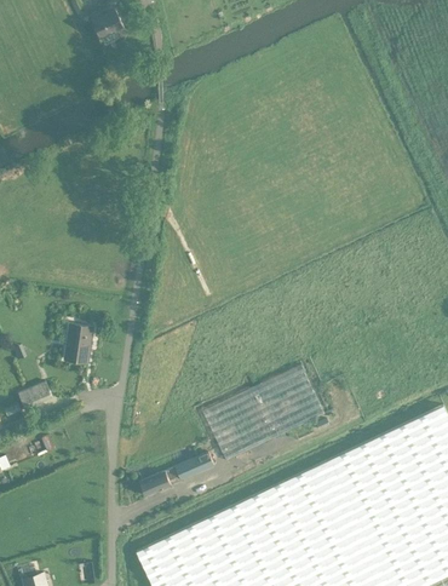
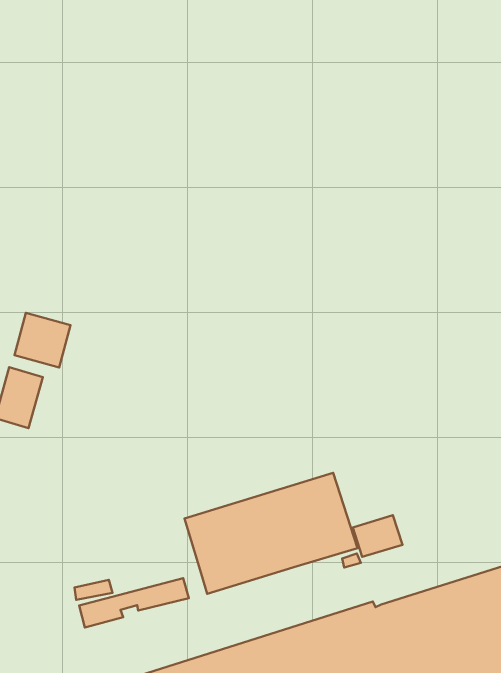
building: none -> [15,313,70,368]
building: none -> [353,515,402,557]

